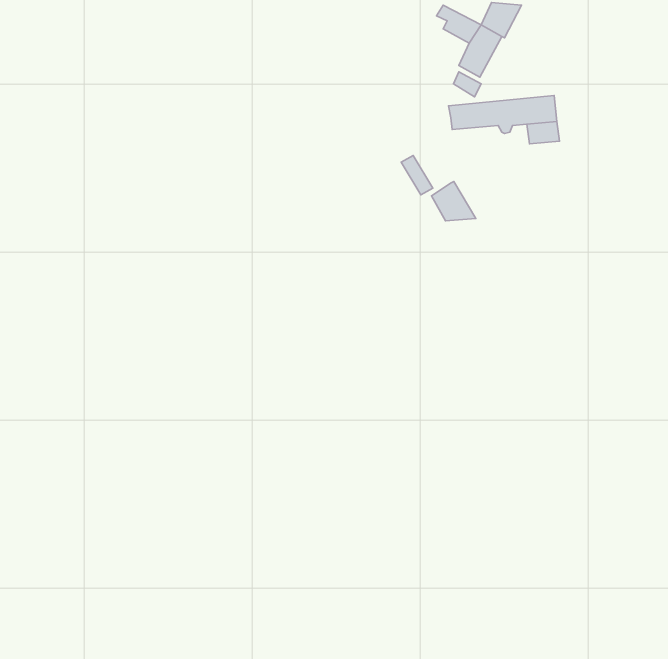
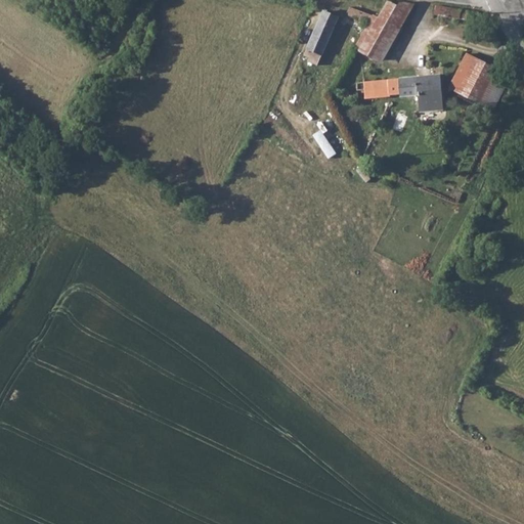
building: none -> [306,12,341,64]
building: none -> [452,47,498,96]
building: [432,181,476,221] -> none

